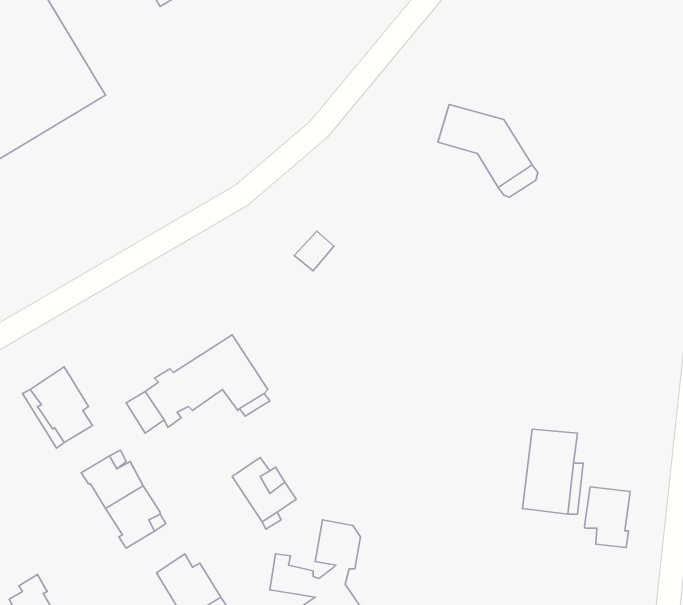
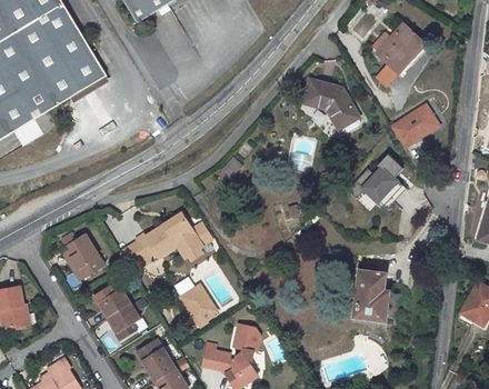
building: none -> [370,23,421,73]
building: none -> [388,100,440,147]
building: none -> [355,152,403,208]
building: [585,487,630,548] -> none

